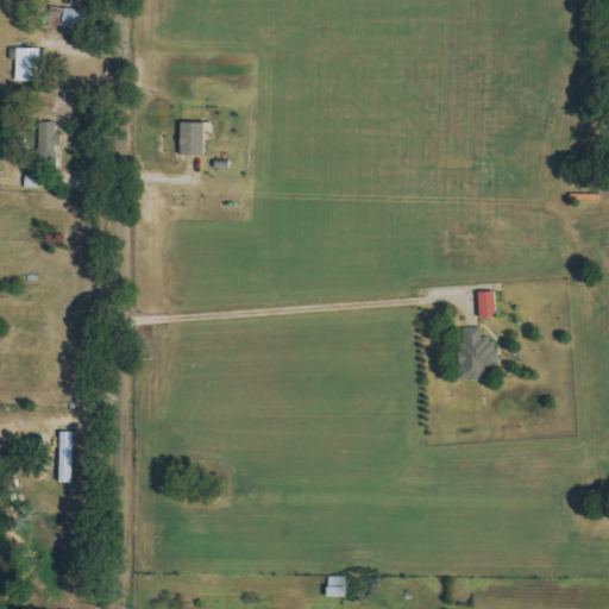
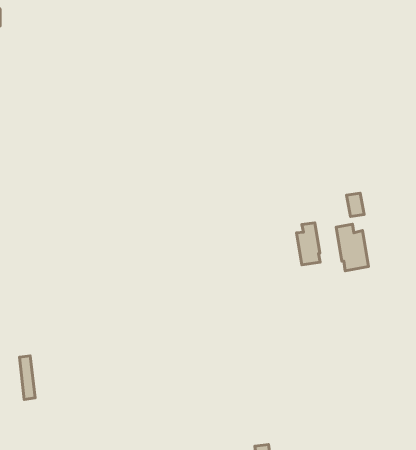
building: [180,120,212,153] -> none
building: none -> [296,223,320,265]

